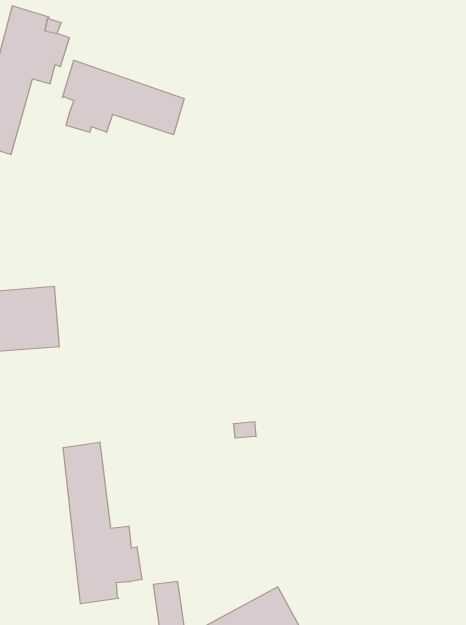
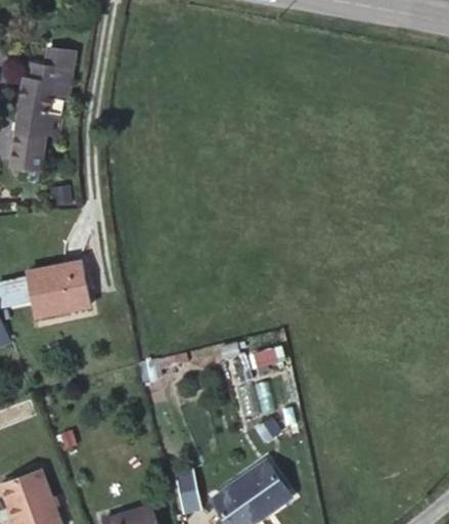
building: [63,60,184,135] -> none
building: [63,442,142,604] -> none

